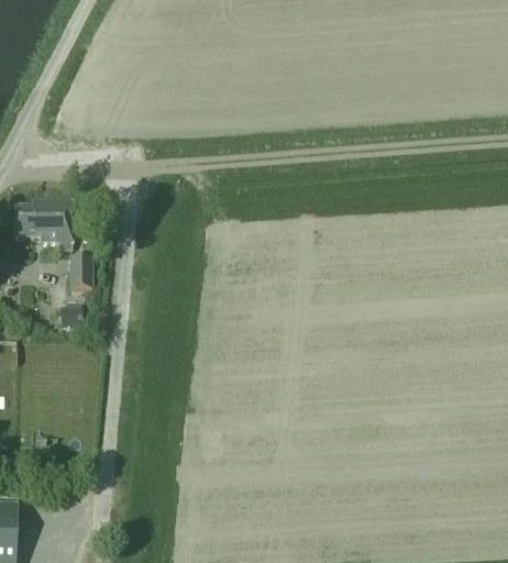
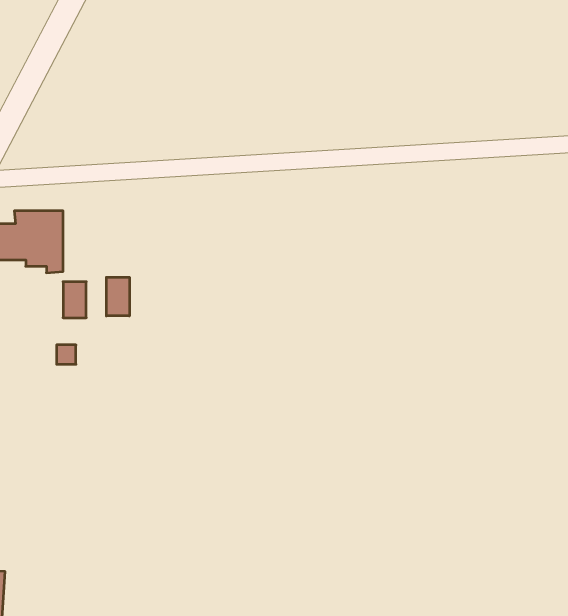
building: none -> [106,277,129,316]

